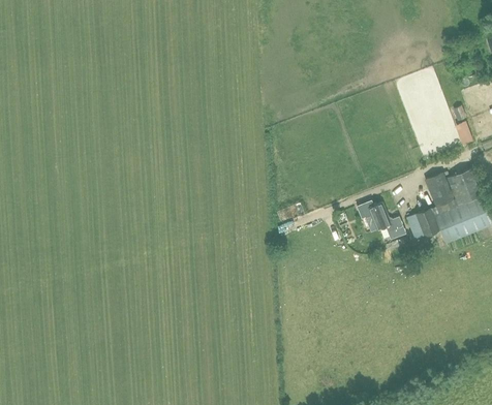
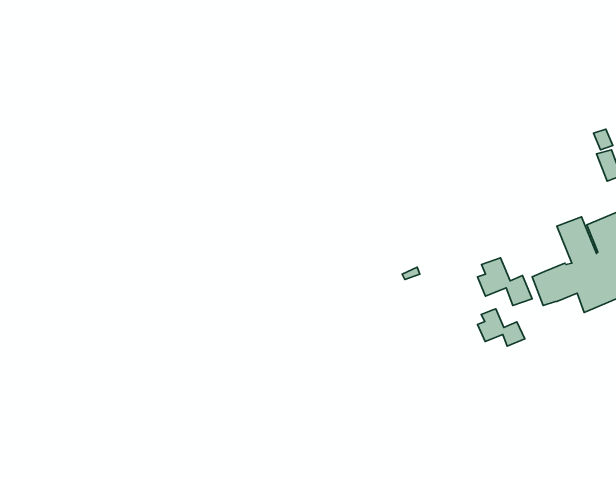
building: none -> [477,309,525,346]

